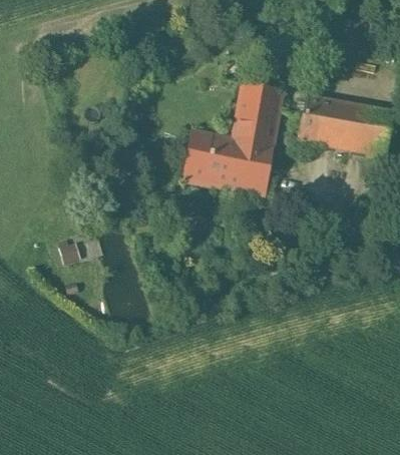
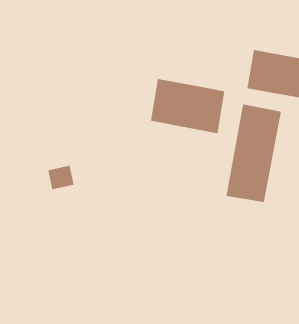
building: [232,84,282,144] -> none
building: none -> [226,104,282,203]

